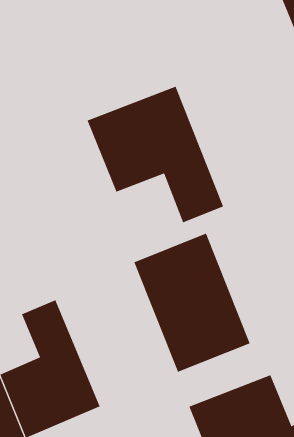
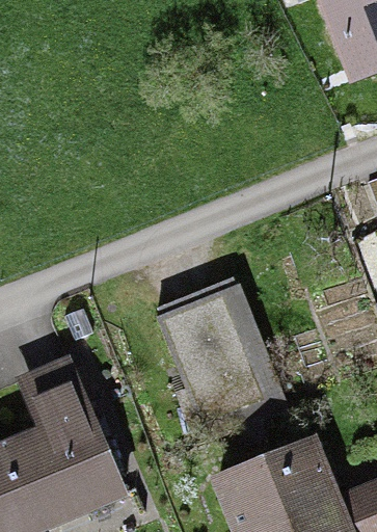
building: [87,86,224,223] -> none

